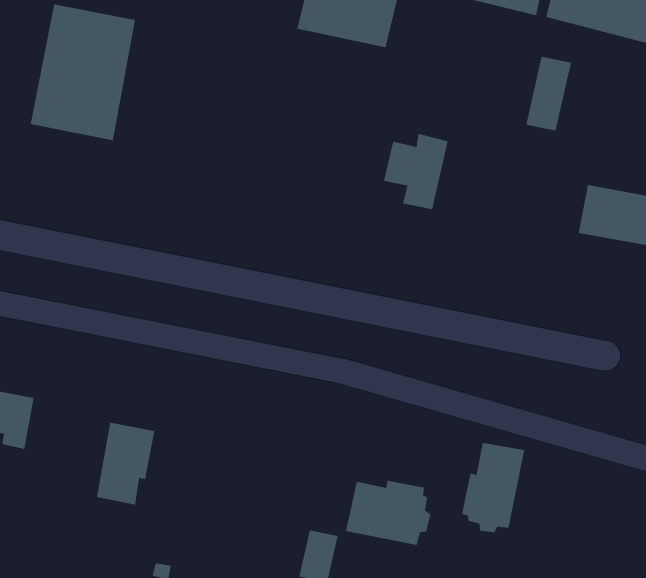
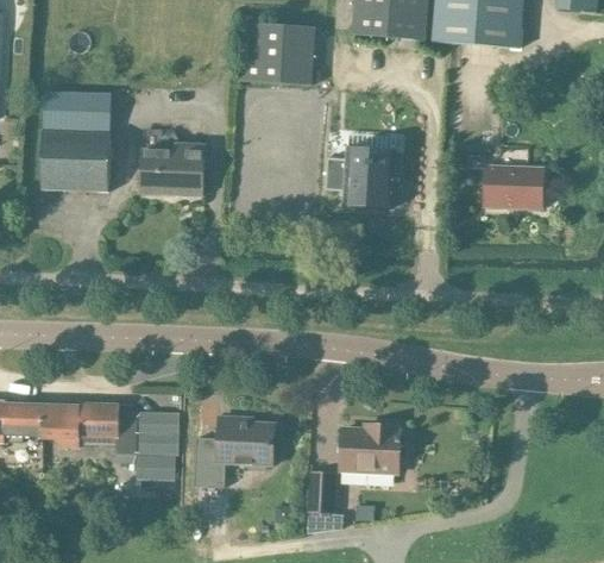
building: [525,56,572,131] -> [367,150,396,207]
building: none -> [140,144,205,194]
building: none -> [77,404,136,452]
building: [462,442,525,533] -> none
building: none -> [194,417,273,487]

